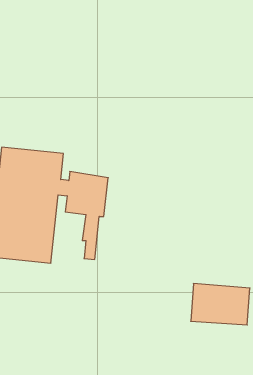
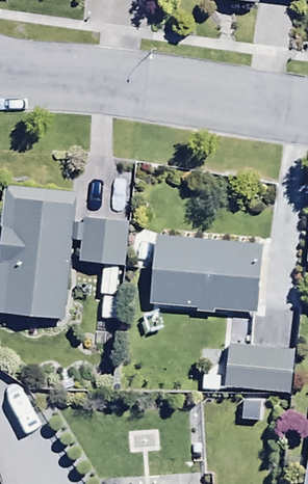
building: none -> [150,236,262,312]

